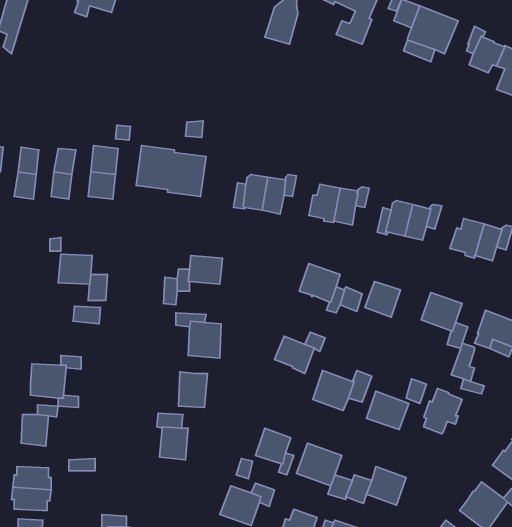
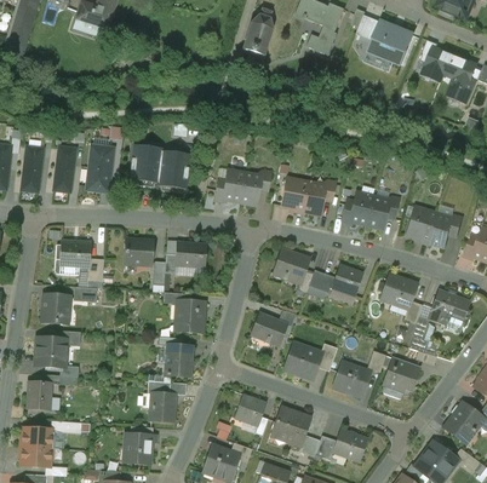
building: none -> [125,237,151,264]
building: none -> [41,293,69,323]
building: none -> [124,432,156,464]

